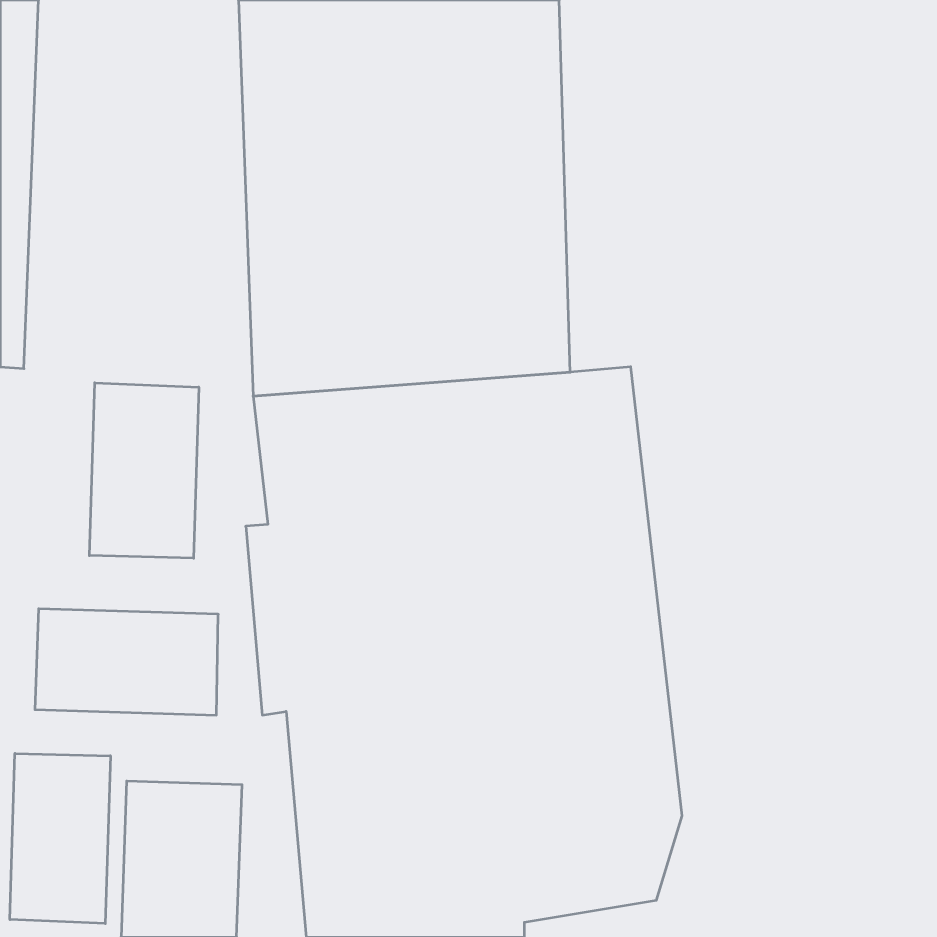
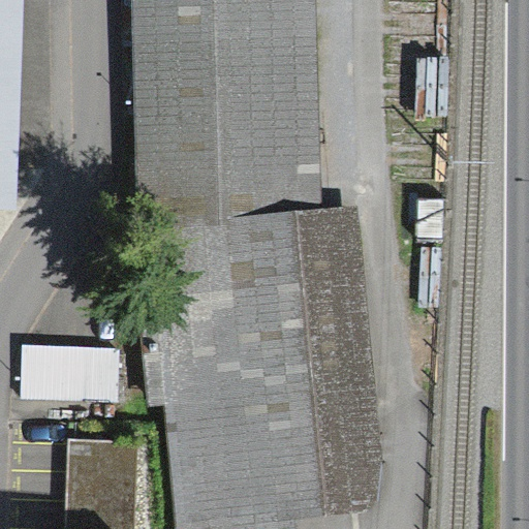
building: [89,383,199,558] -> none
building: [10,753,110,924] -> none

